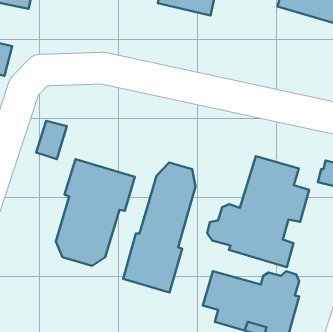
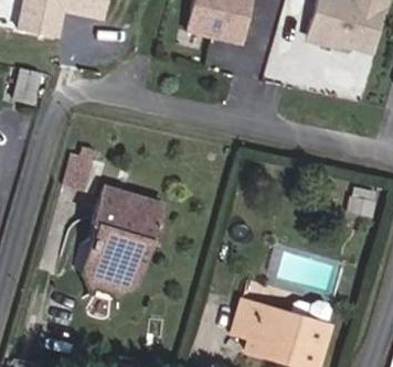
building: [207,156,309,267] -> none
building: [123,162,196,292] -> none

